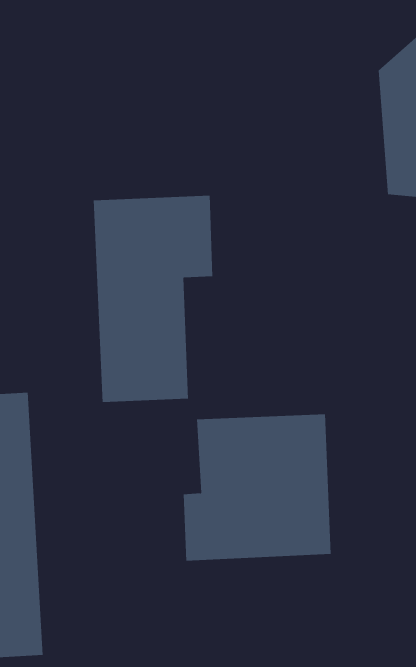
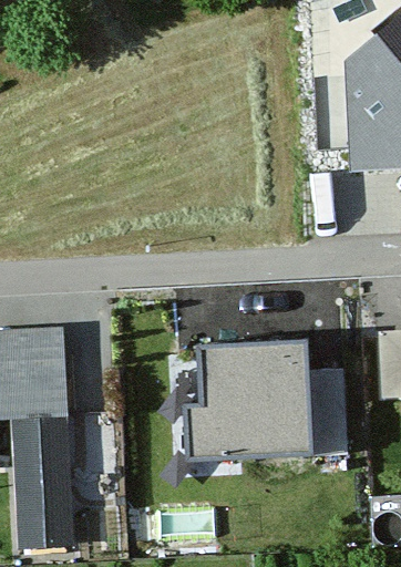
building: [93,195,213,403] -> none

